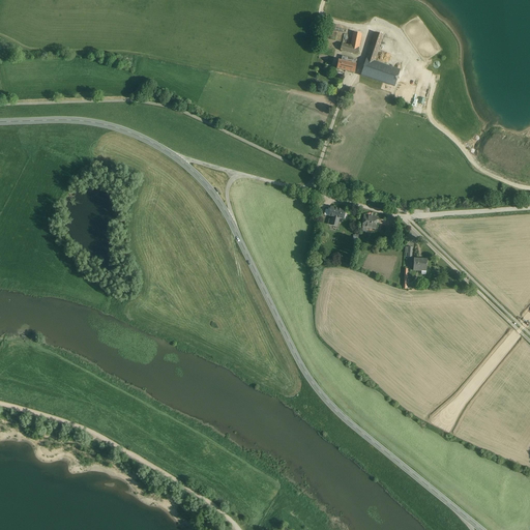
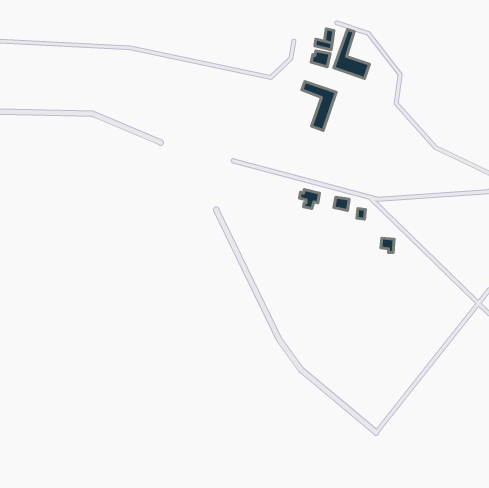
building: none -> [302,82,336,130]

